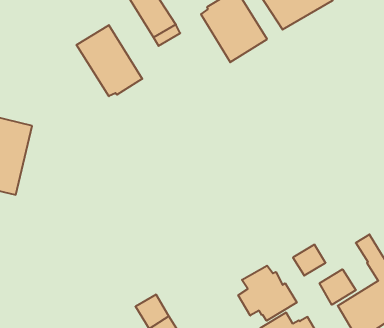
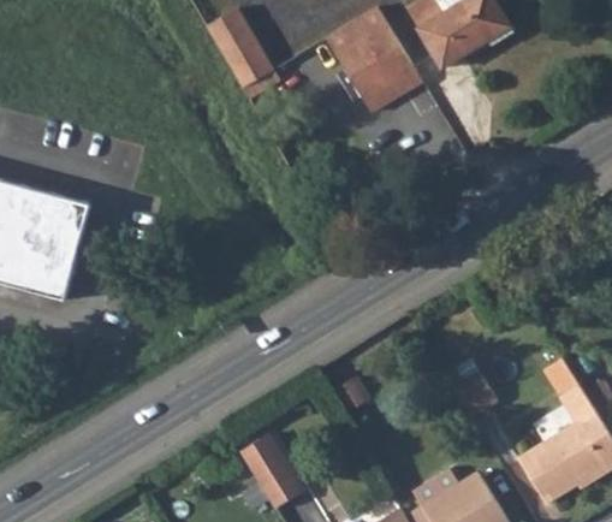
building: [77,25,142,96] -> none
building: [238,266,297,321] -> none
building: [320,269,356,305] -> none

